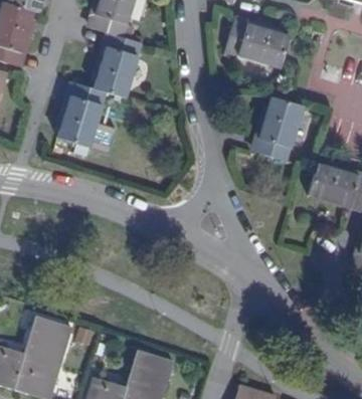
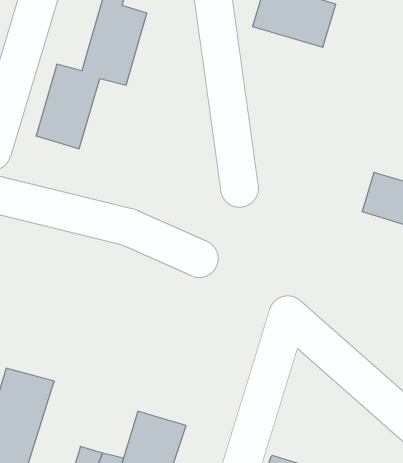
building: [252,99,302,165] -> none

